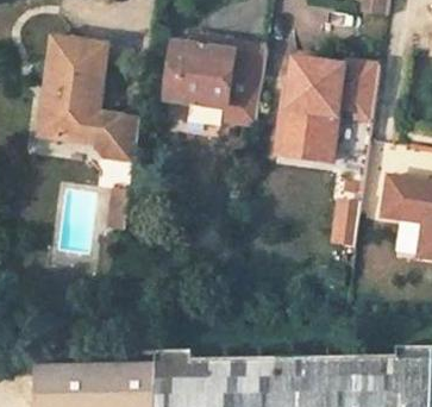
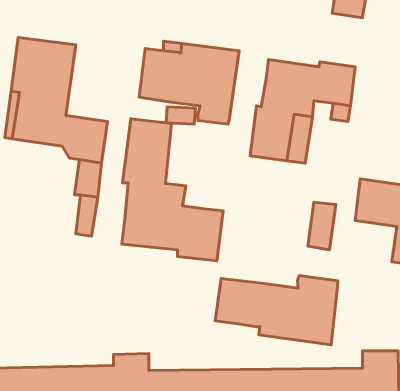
building: none -> [122,119,223,261]
building: none -> [215,275,338,345]

